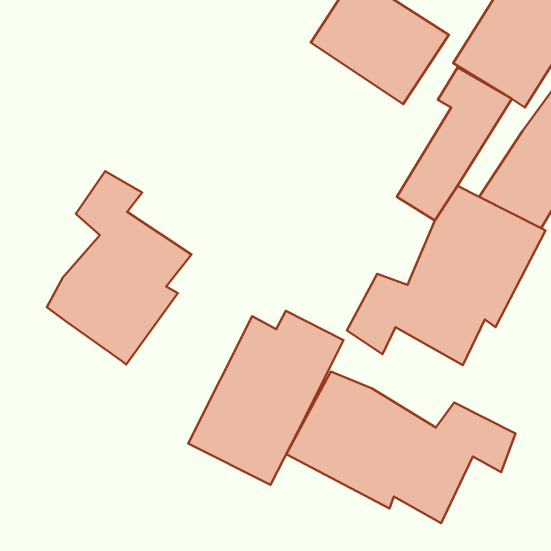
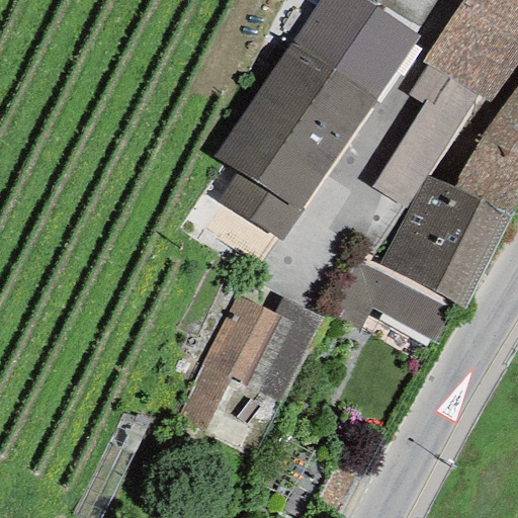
building: none -> [217,39,379,241]
building: [47,171,191,364] -> none
building: [286,371,516,523] -> none

